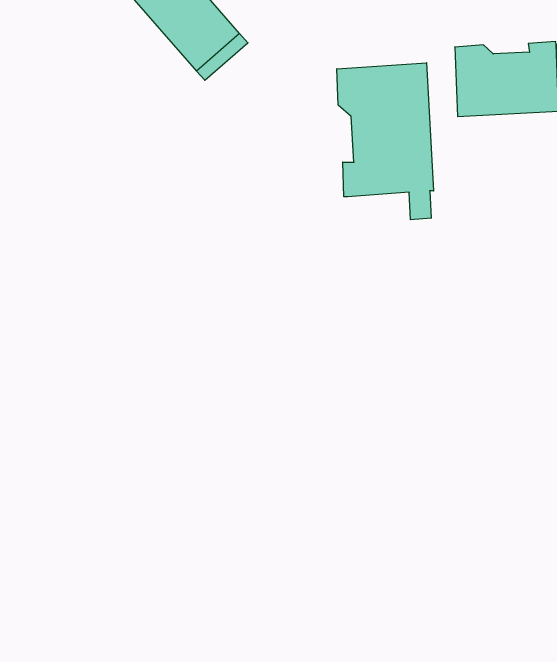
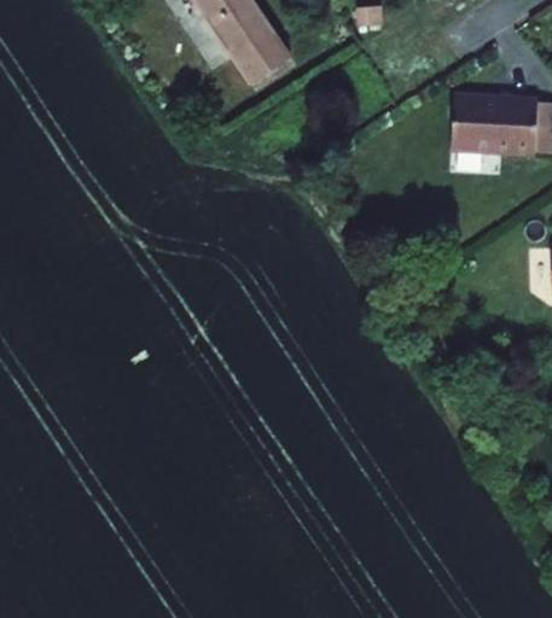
building: [337,63,434,220] -> none

